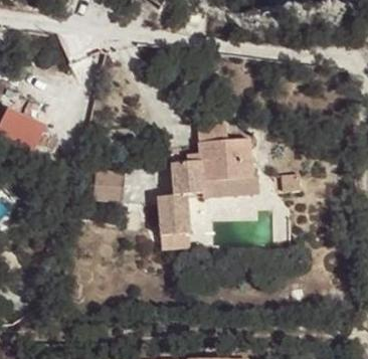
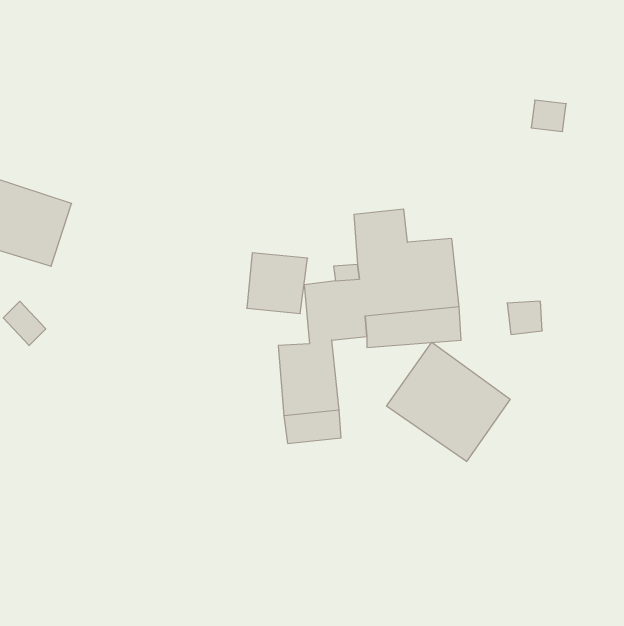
building: [94,168,127,201] -> [247,253,308,314]
building: none -> [387,342,510,462]

